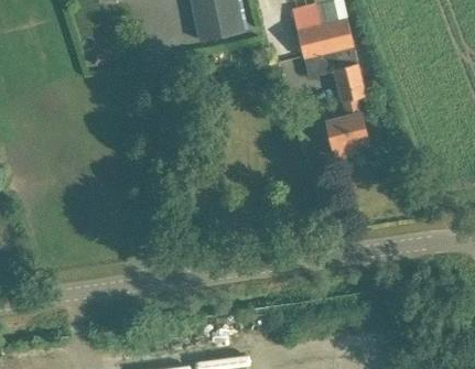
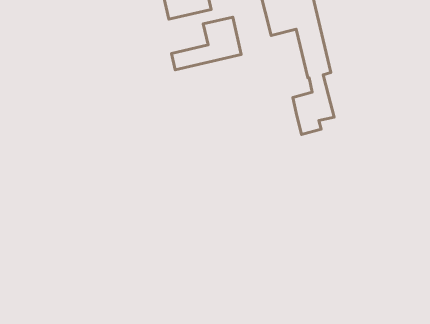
building: none -> [172,17,241,70]

